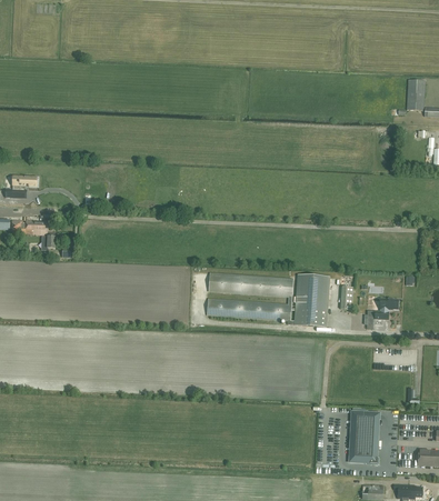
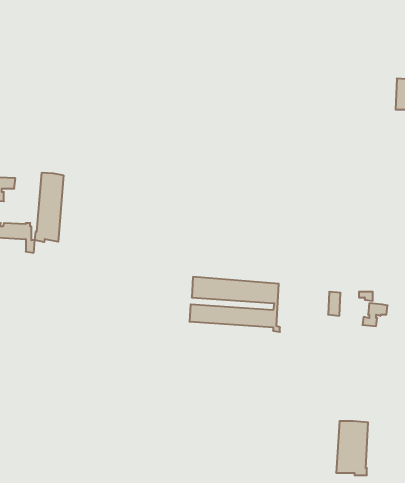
building: none -> [35,173,63,242]
building: [293,272,329,328] -> none

